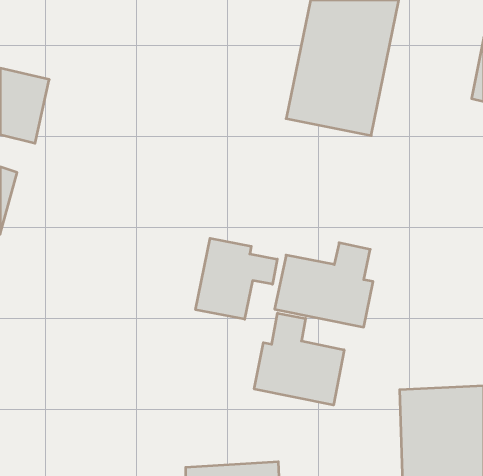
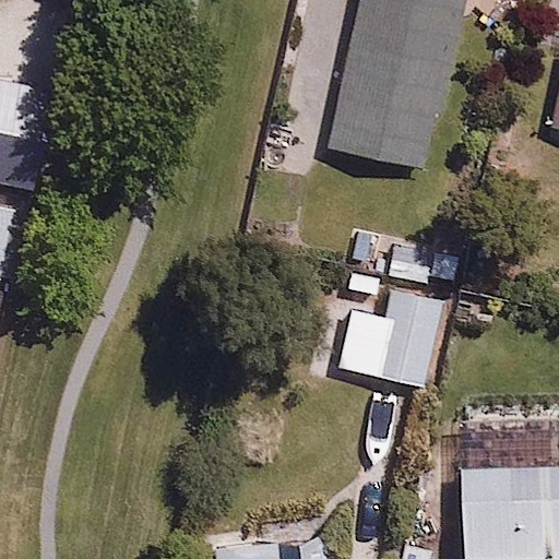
building: [196,238,277,319] -> none
building: [254,313,344,405] -> none

